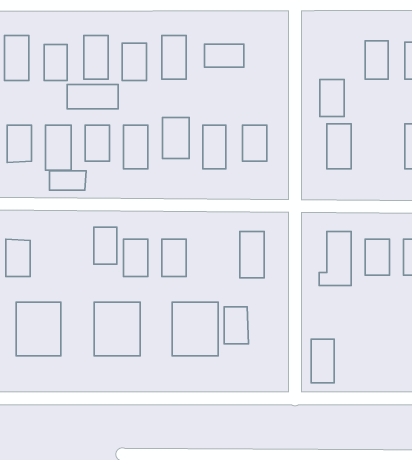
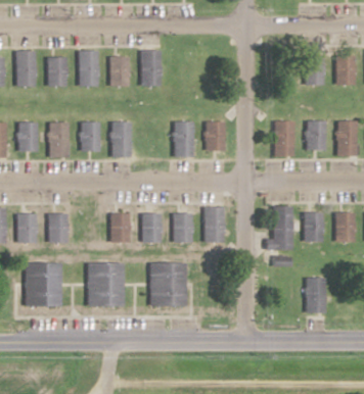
building: [205,44,244,67] -> none
building: [320,79,344,117] -> [306,120,325,150]
building: [67,84,118,109] -> none
building: [163,118,189,159] -> none
building: [49,171,86,190] -> none
building: [94,227,117,264] -> [49,212,67,242]
building: [224,307,249,344] -> [174,212,193,242]
building: [311,339,334,383] -> [307,278,325,312]

